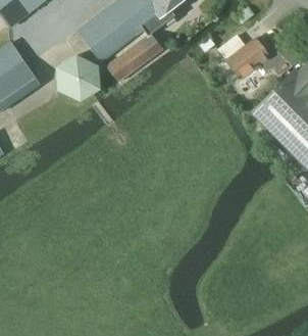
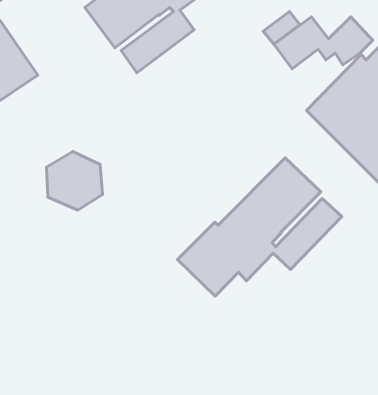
building: [56,55,100,101] -> [47,152,103,210]
building: none -> [178,158,342,296]

